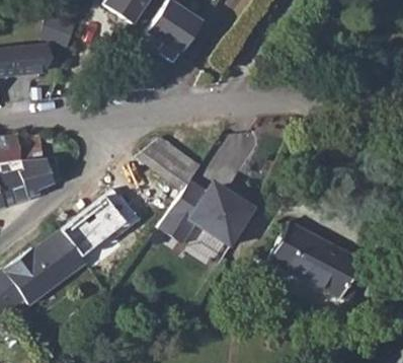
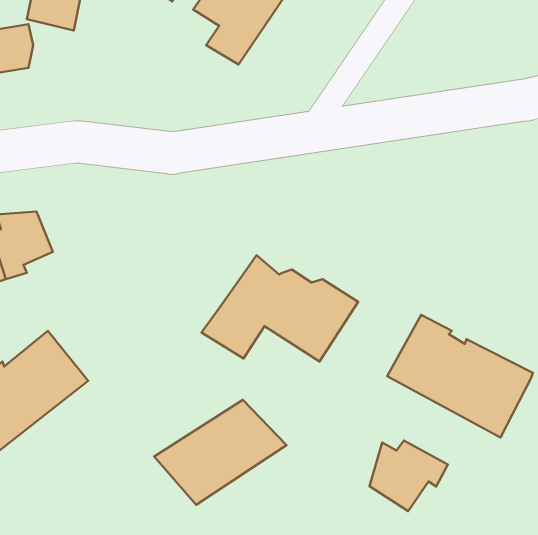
building: [136,138,198,190] -> none
building: [58,193,141,259] -> [154,400,287,505]
building: none -> [370,441,448,511]

